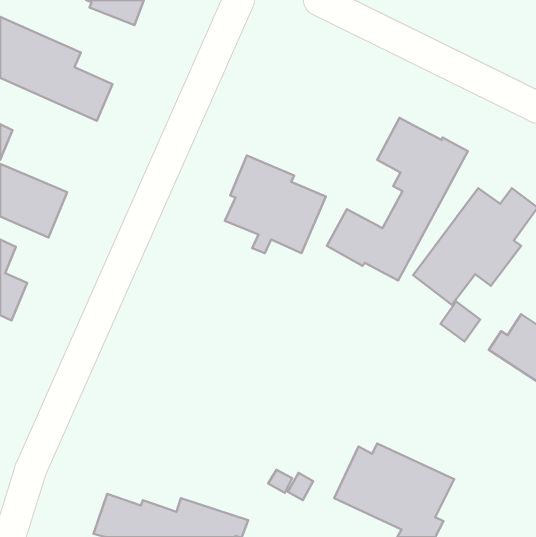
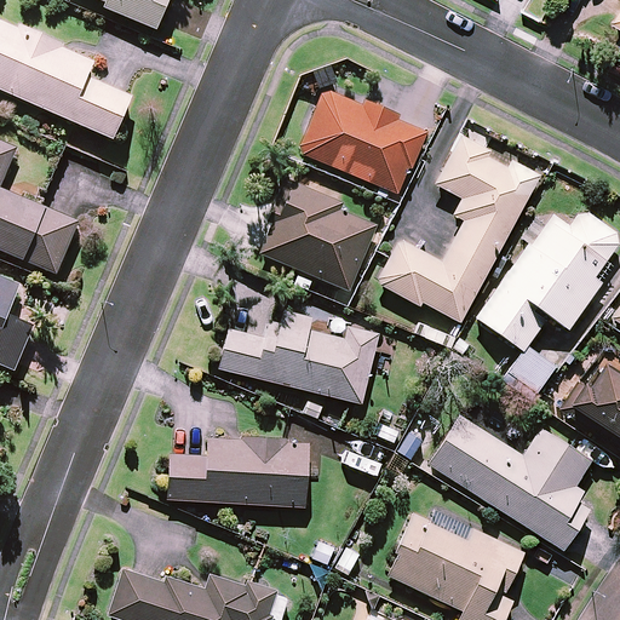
building: none -> [298,86,425,195]
building: none -> [219,309,378,404]
building: none -> [427,417,591,550]
building: none -> [168,437,309,507]

